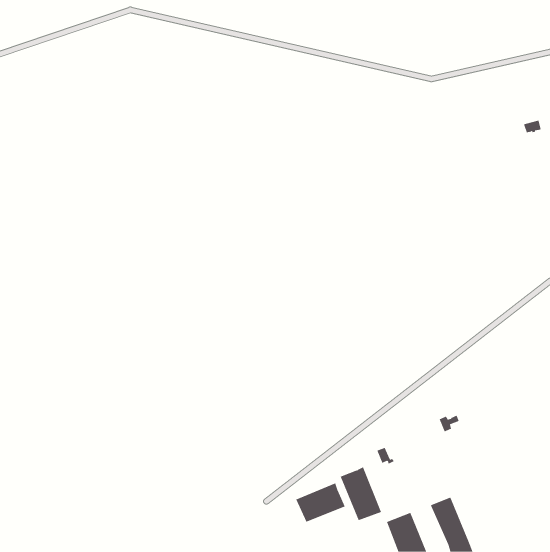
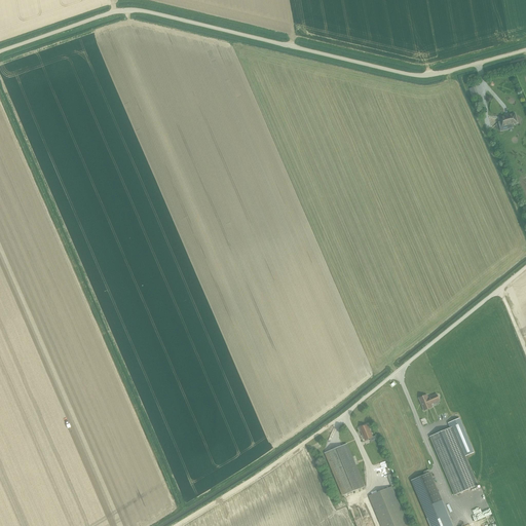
building: none -> [428,418,477,495]
building: [295,482,346,523] -> none

